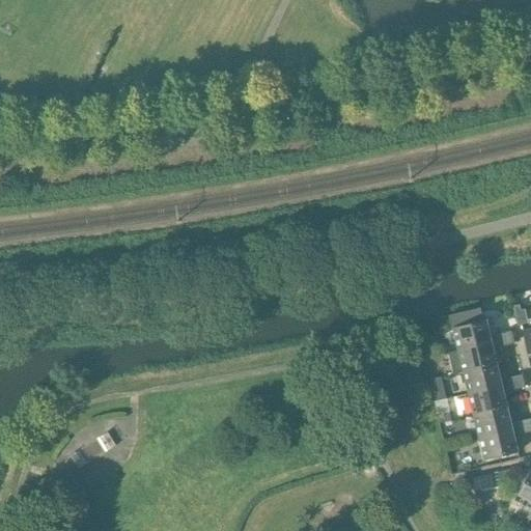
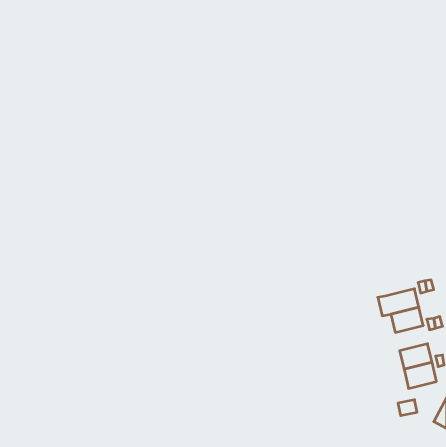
building: [449,309,493,351] -> none
building: [470,386,508,416] -> none

